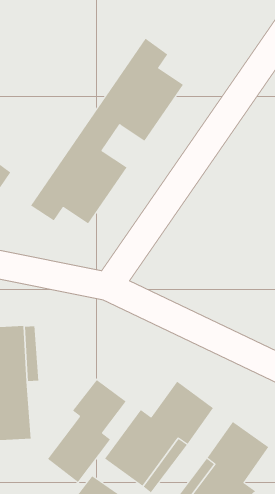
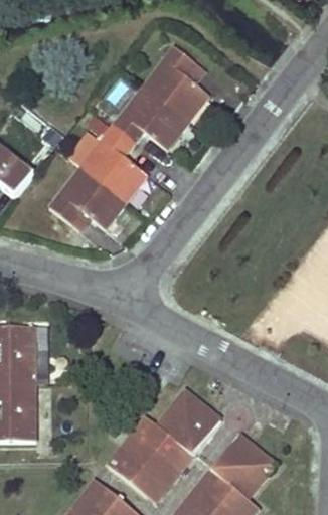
building: [47,379,126,483] -> none

